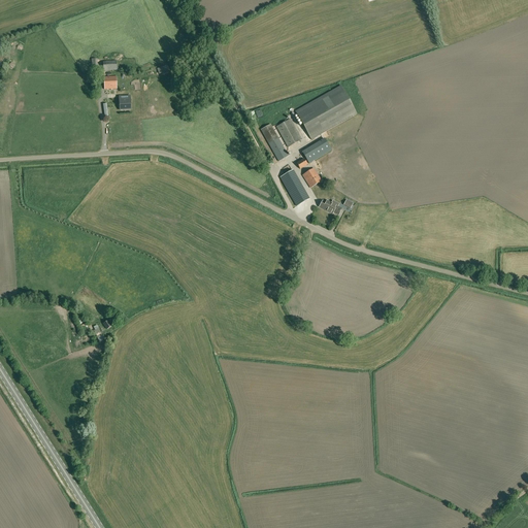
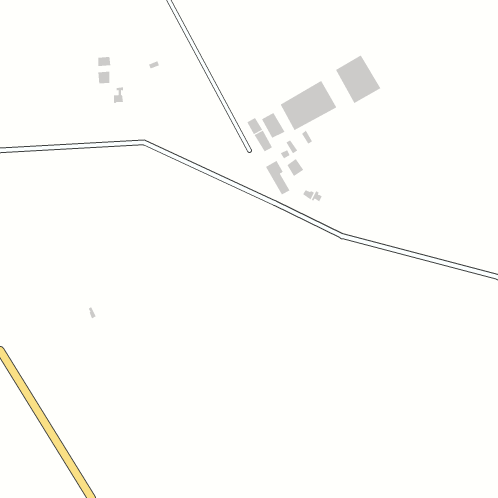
building: none -> [335,54,381,104]

